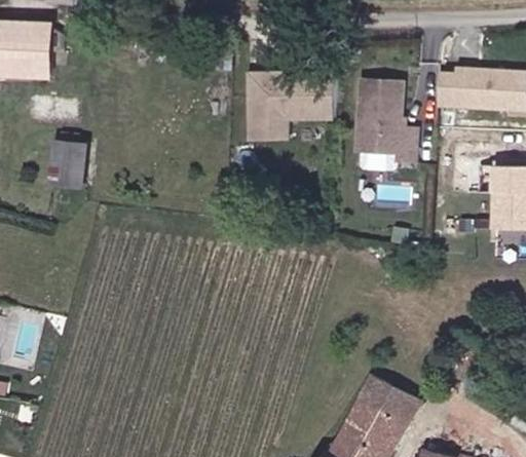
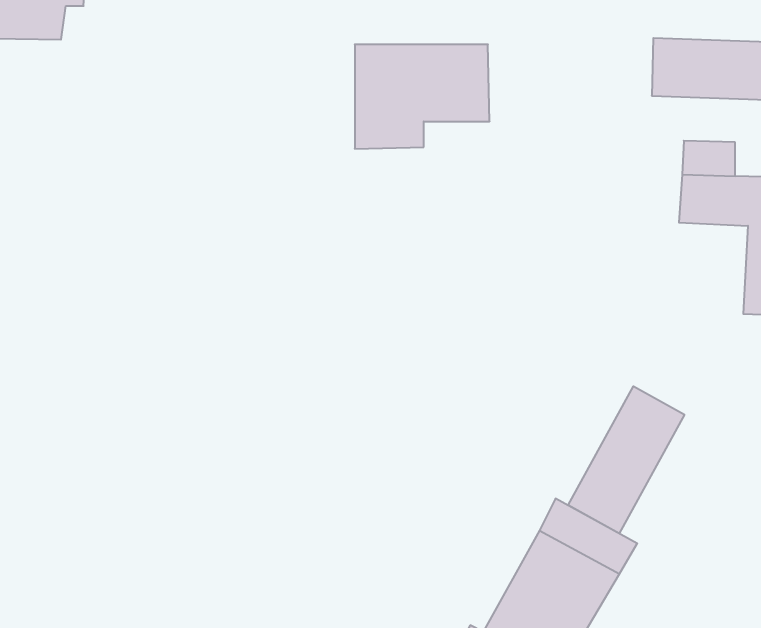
building: [363,85,421,177] -> none
building: [54,139,89,183] -> none
building: none -> [568,386,684,533]

